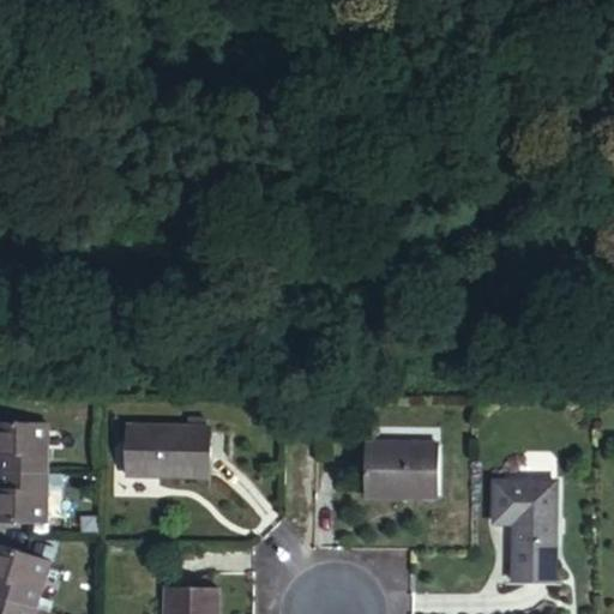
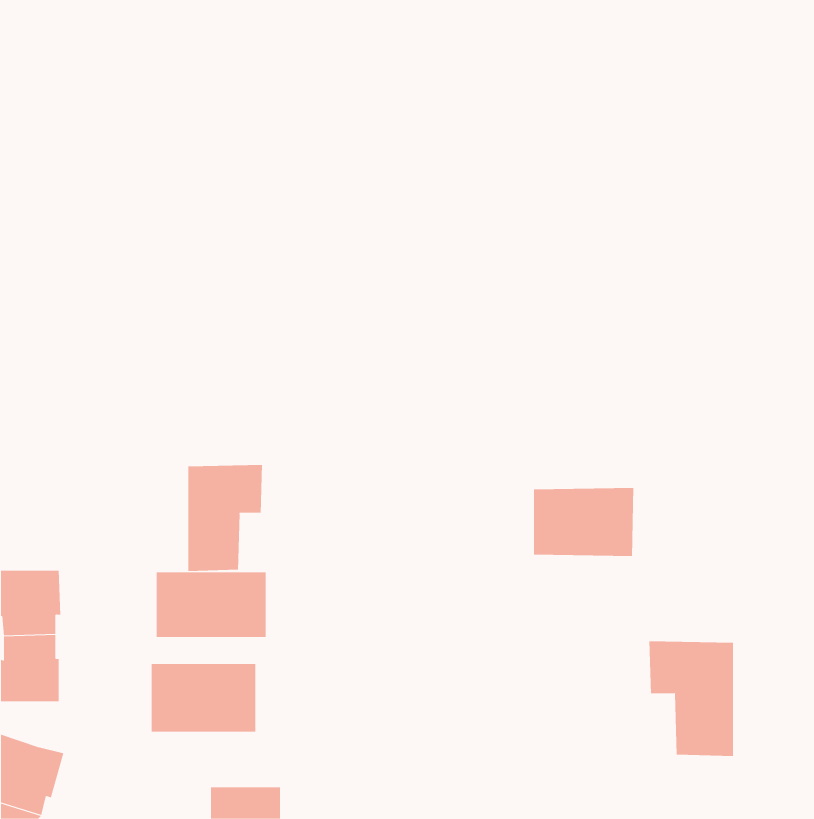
building: none -> [188,464,263,572]
building: [362,441,438,493] -> [533,488,634,557]
building: none -> [151,663,256,732]

